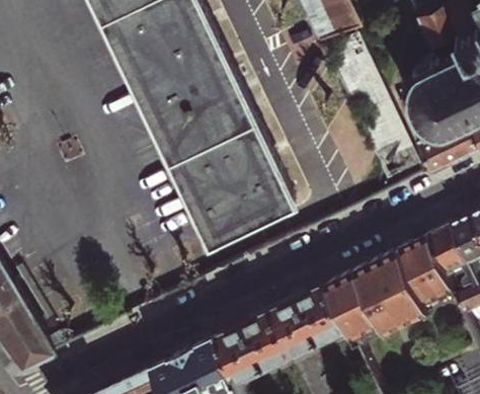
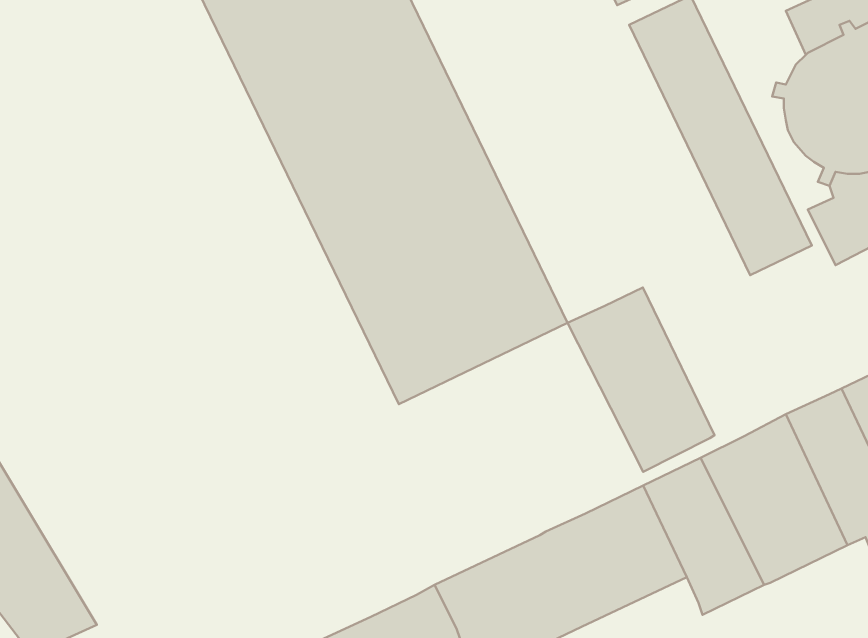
building: none -> [568,287,714,472]

